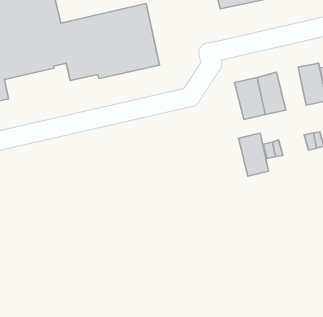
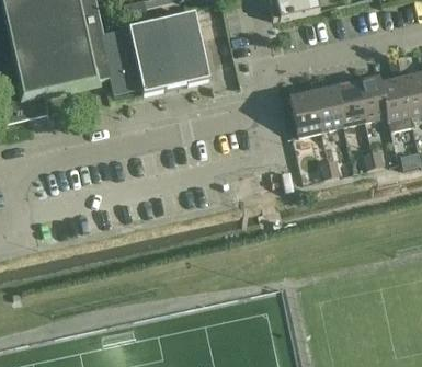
building: [239,133,268,176] -> [334,79,366,125]

